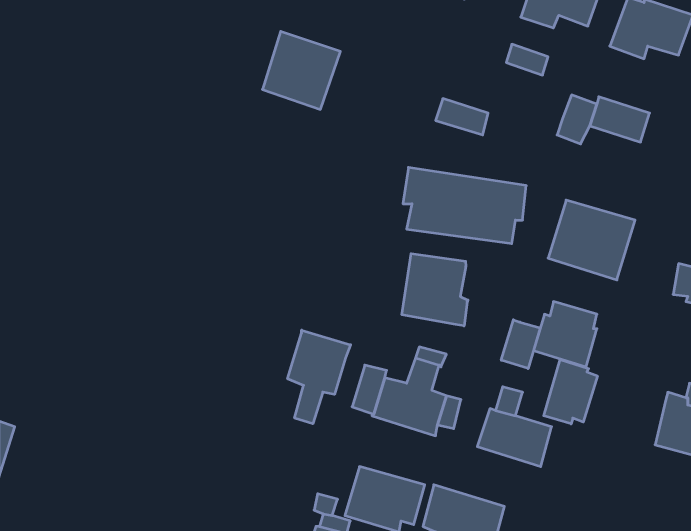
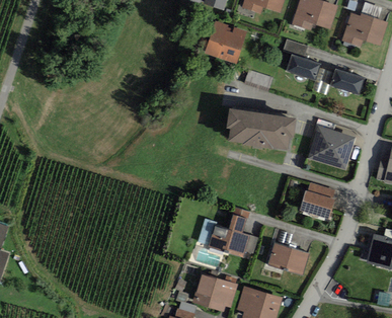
building: [262,31,340,109] -> [204,20,247,64]
building: none -> [286,54,321,80]
building: [402,254,468,326] -> none
building: [501,320,540,369] -> none
building: [288,330,351,424] -> none
building: [544,360,597,424] -> none

